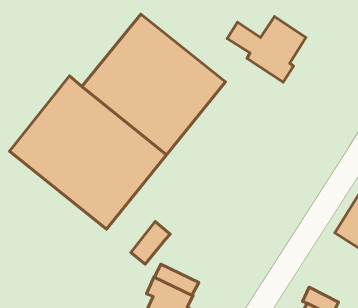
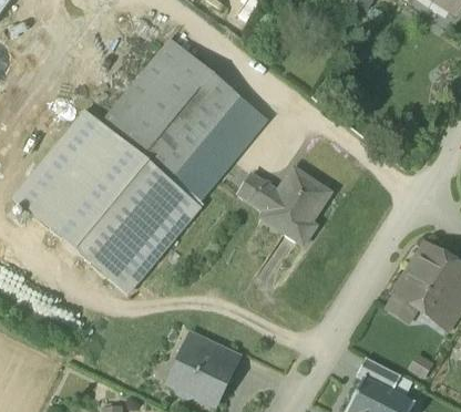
building: [227,17,306,82] -> [237,167,329,244]
building: [131,222,170,264] -> none

